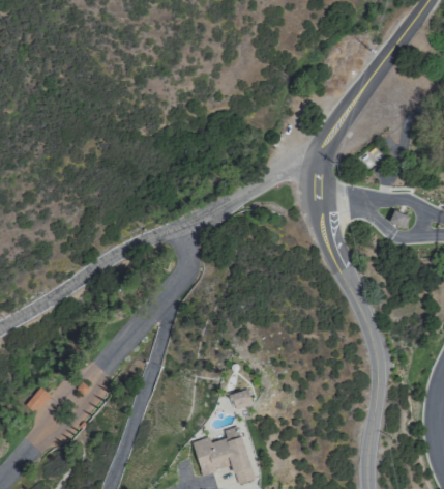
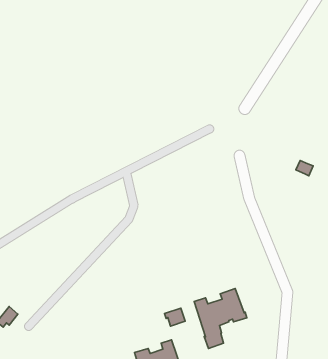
building: none -> [194,288,247,348]

